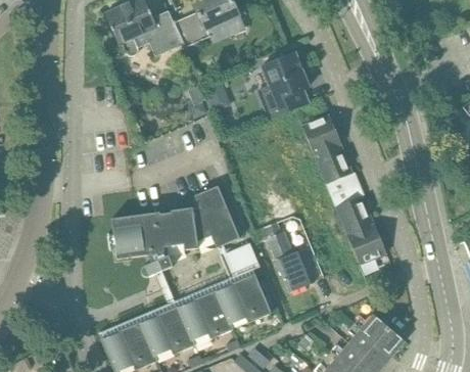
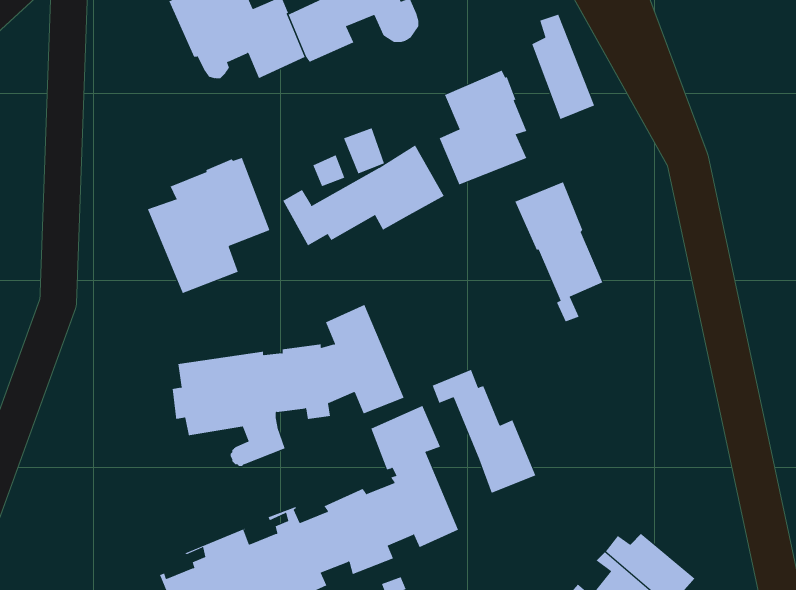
building: none -> [531,14,595,120]
building: none -> [283,144,444,246]
building: none -> [147,157,270,294]
building: [330,192,385,264] -> none

